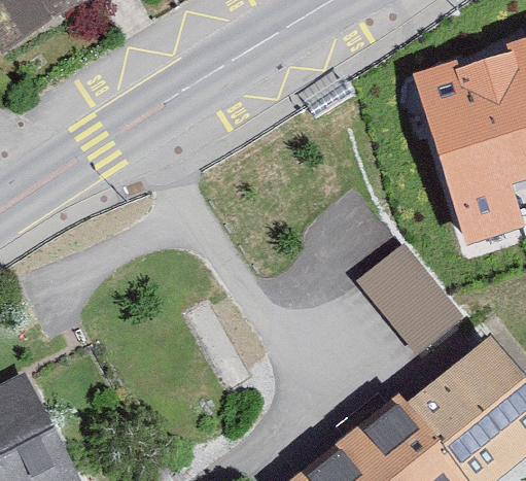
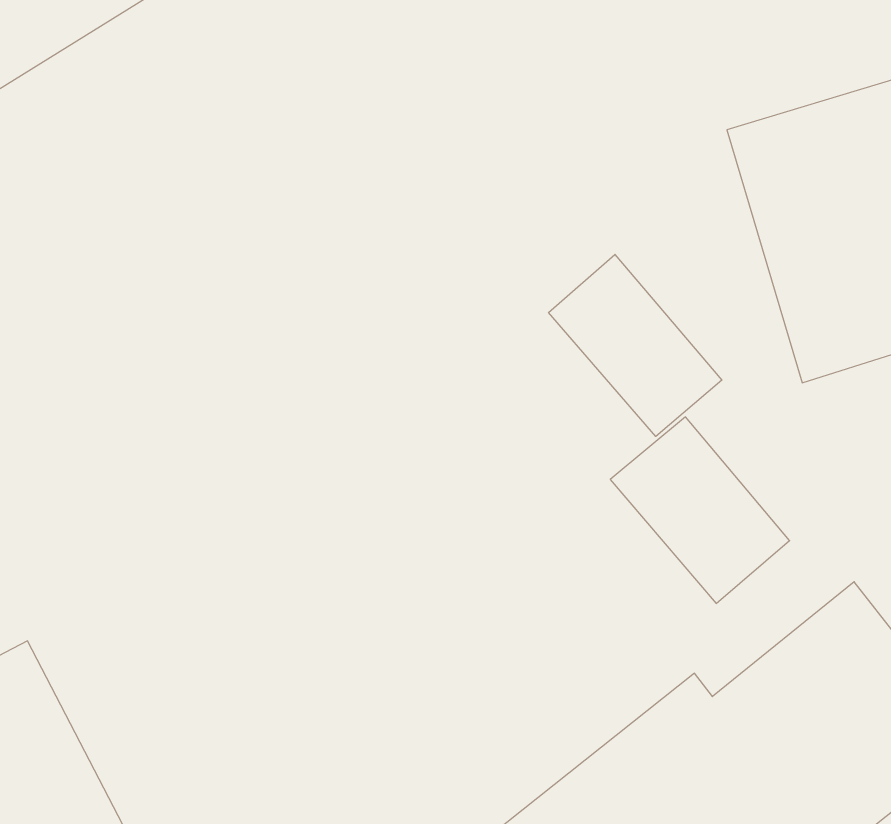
building: none -> [549,254,722,436]

